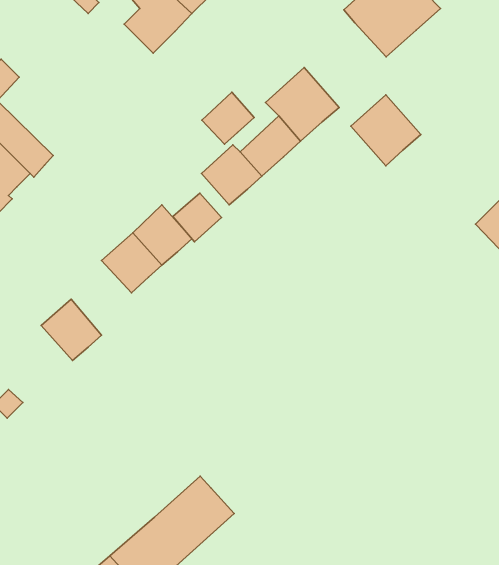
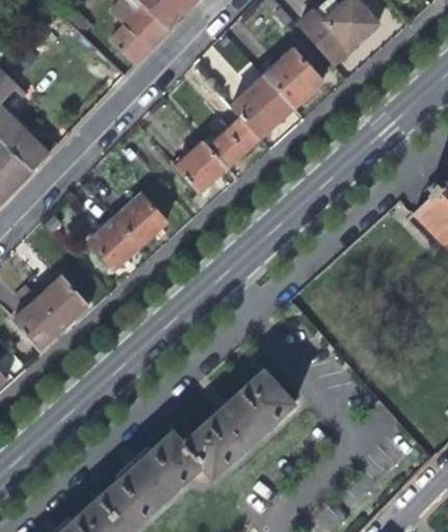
building: [202,92,254,144] -> none
building: [351,95,421,166] -> [265,49,325,110]
building: [173,193,222,242] -> none
building: none -> [15,284,65,350]
building: none -> [185,369,292,472]

